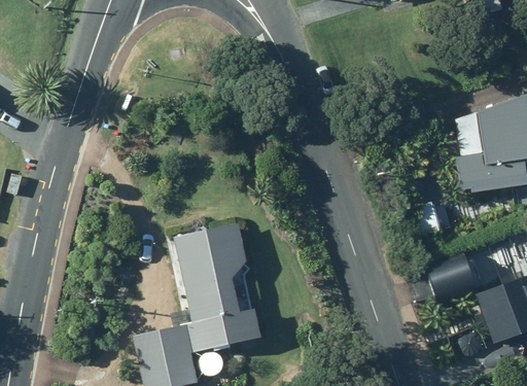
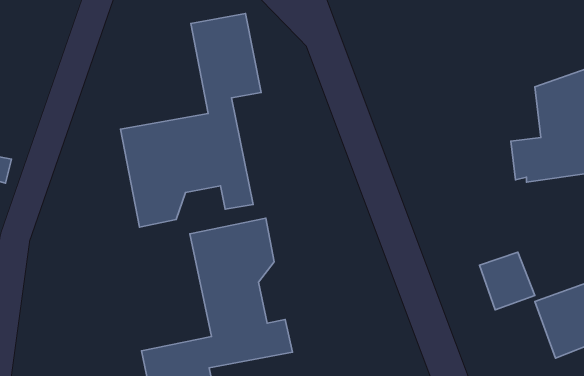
building: none -> [121,14,261,227]

